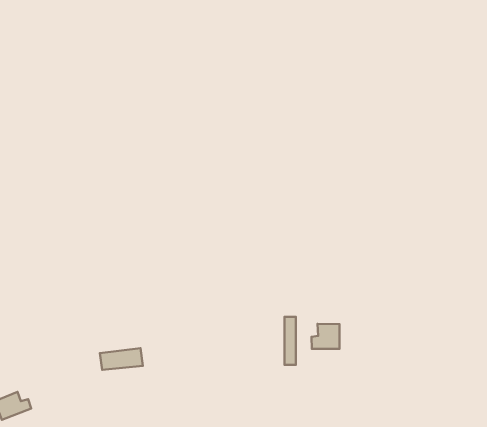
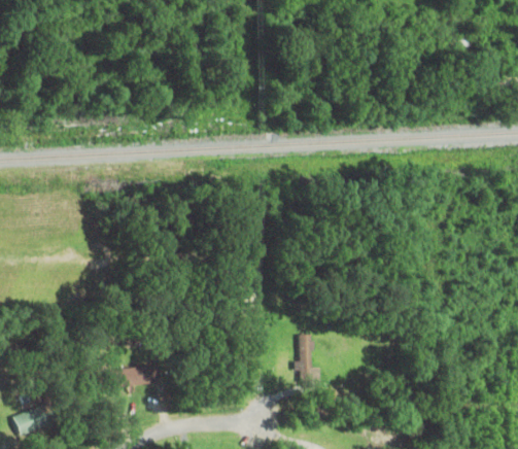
building: [311,324,339,349] -> none

